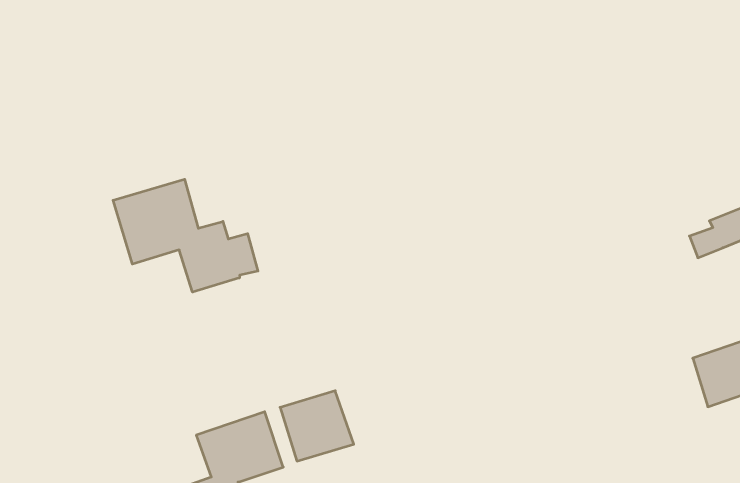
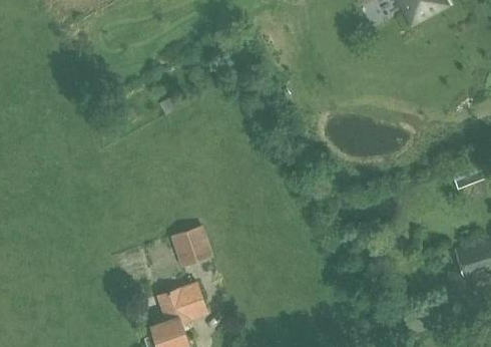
building: [113,179,258,292] -> none
building: [280,391,354,461] -> [170,225,214,267]

